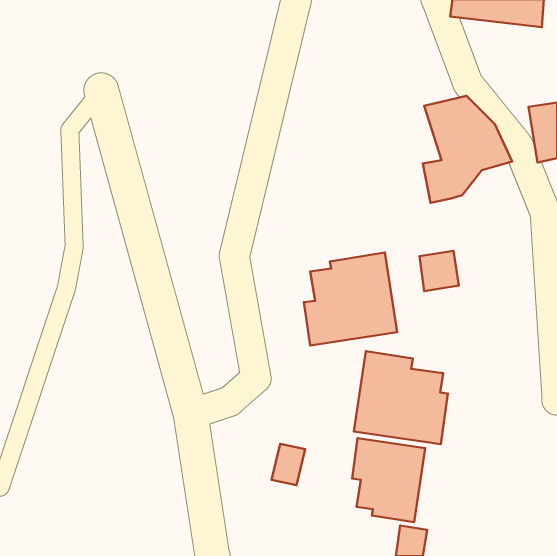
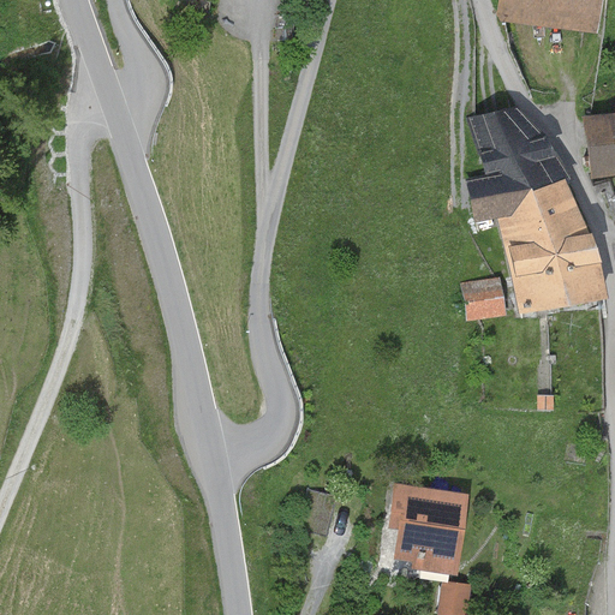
building: none -> [497,178,608,312]
building: [304,253,397,346] -> none
building: [354,351,448,444] -> none

